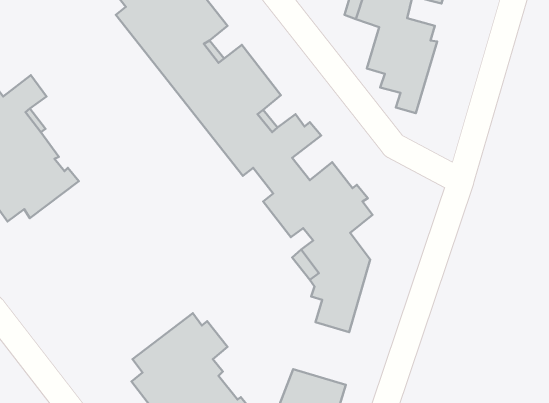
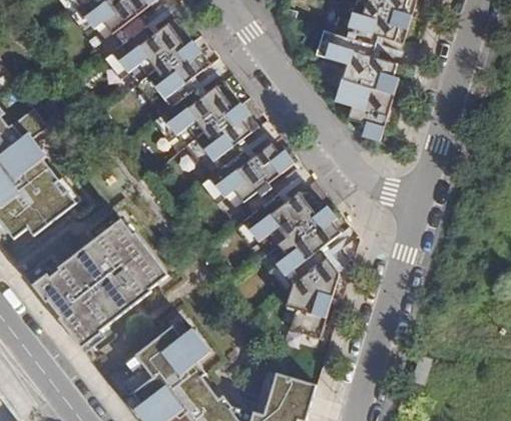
building: none -> [31,218,167,347]

